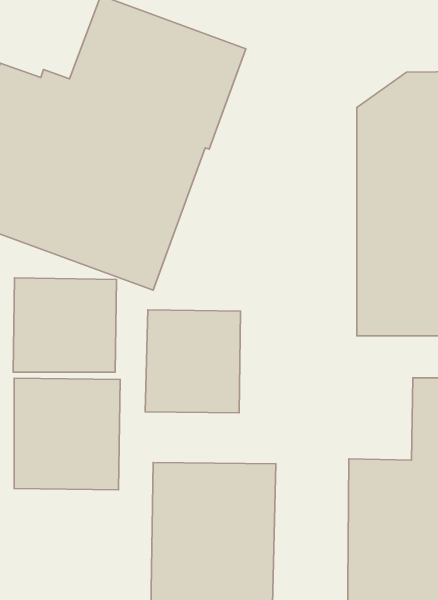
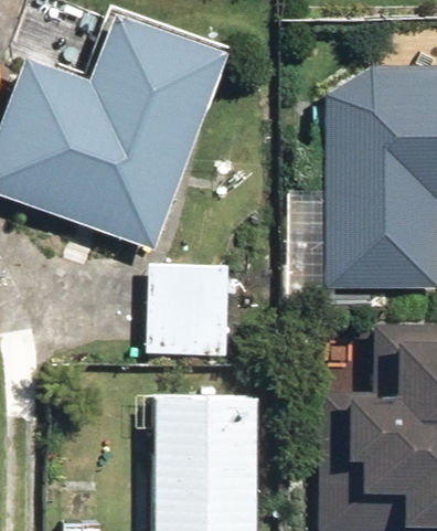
building: [13,278,116,372] -> none
building: [14,378,120,490] -> none

